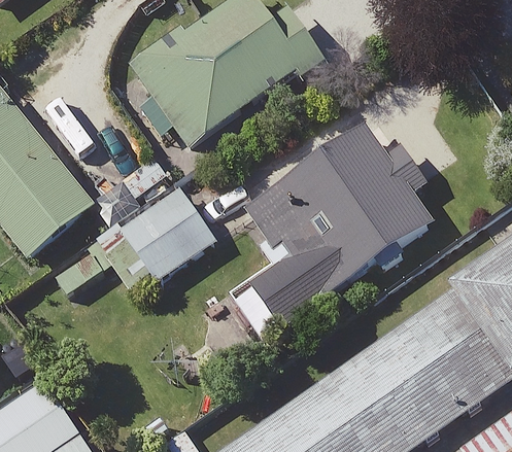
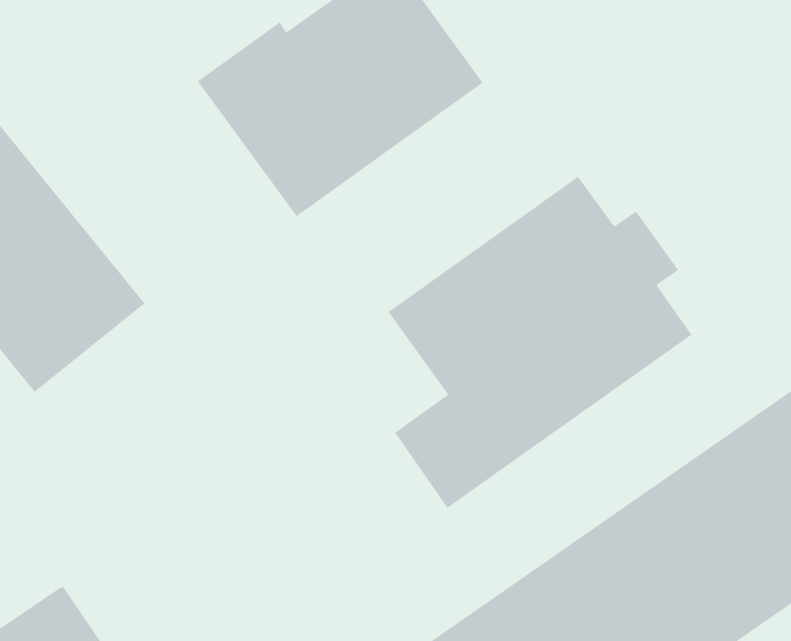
building: [118,186,217,283] -> none

